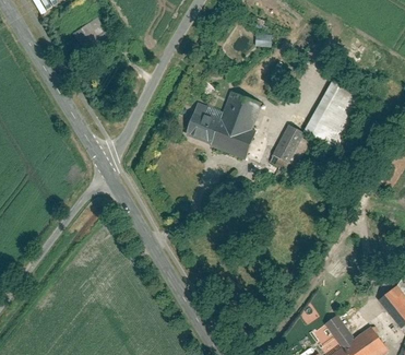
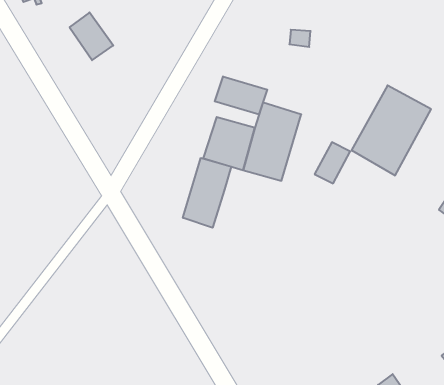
building: none -> [215,76,267,115]
building: none -> [183,158,231,228]

